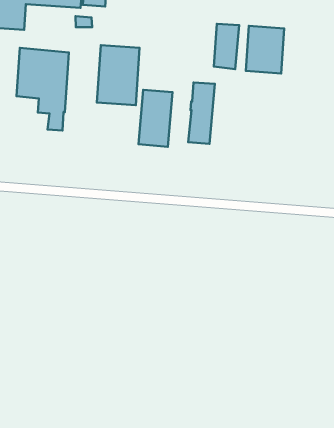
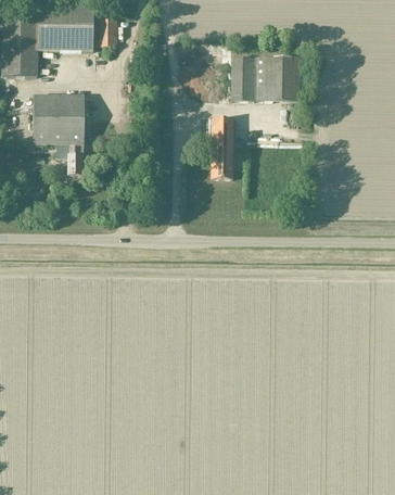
building: [97,45,140,105] -> none
building: [139,90,173,147] -> none

